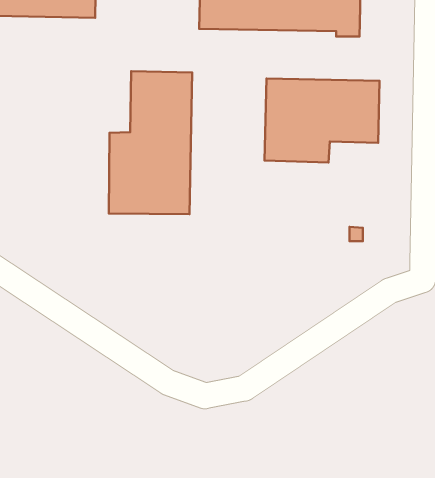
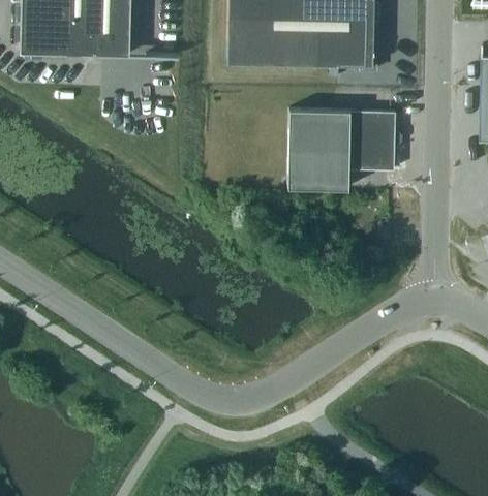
building: [109,71,192,214] -> none

